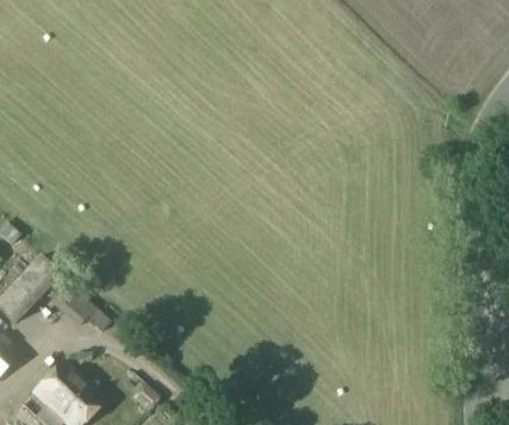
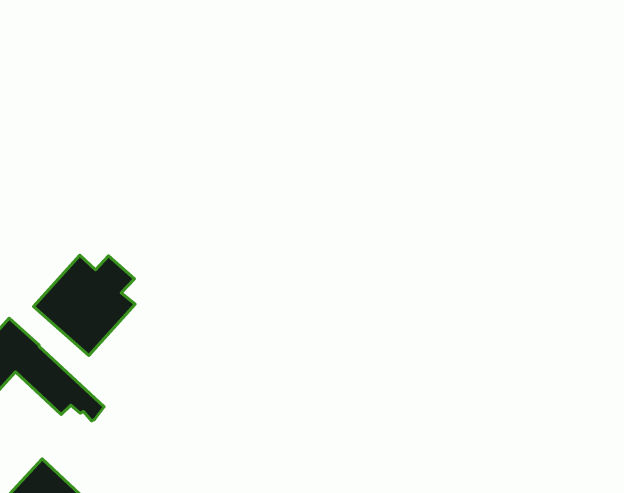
building: none -> [34,255,135,356]

